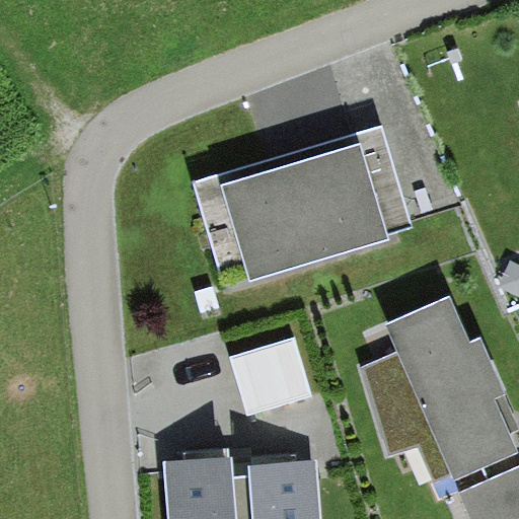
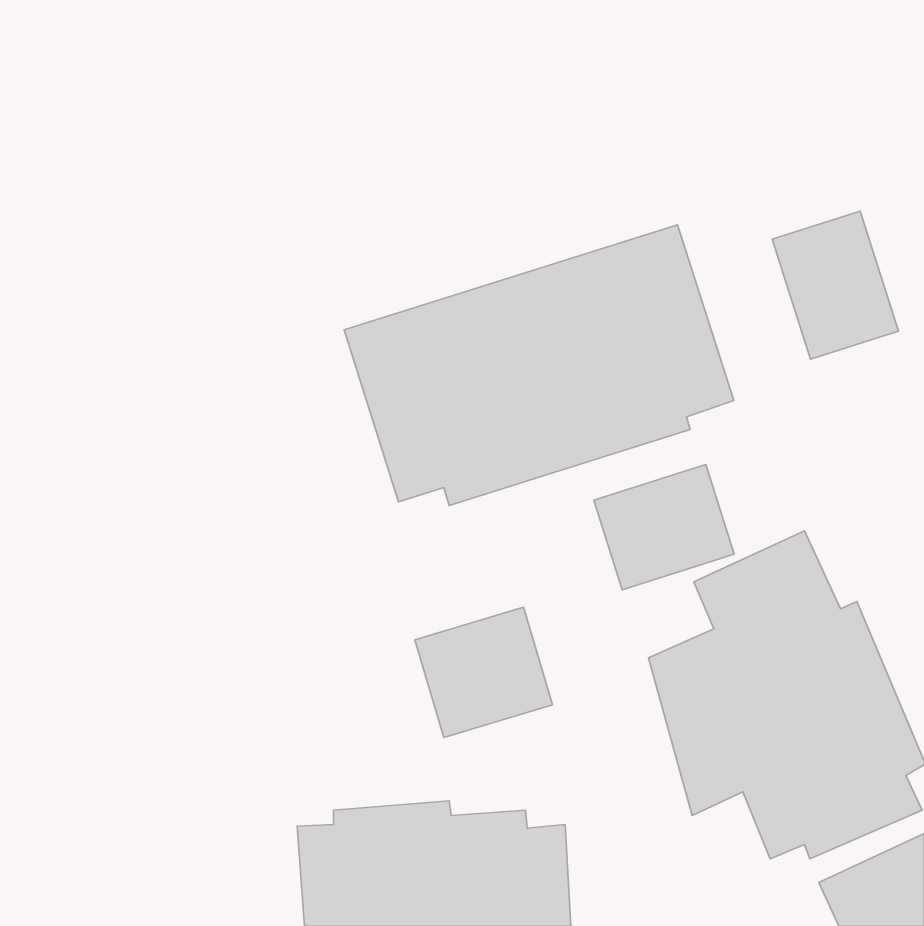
building: none -> [772,211,898,359]
building: none -> [594,464,734,590]

